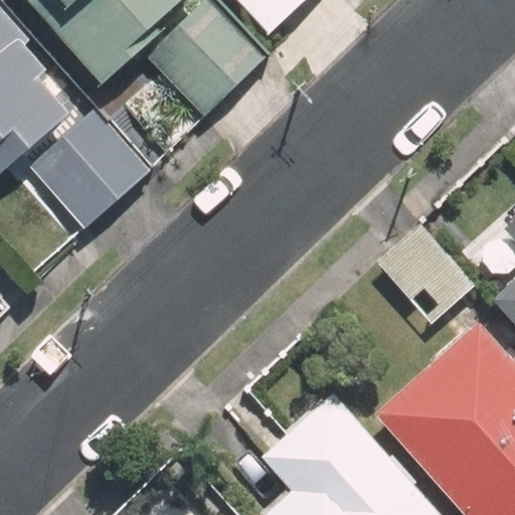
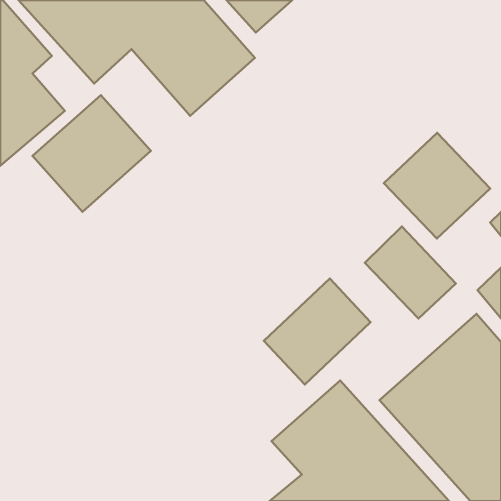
building: none -> [384,133,490,239]
building: none -> [264,278,371,384]

